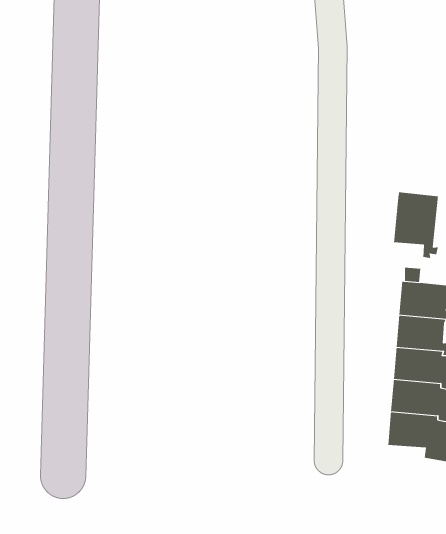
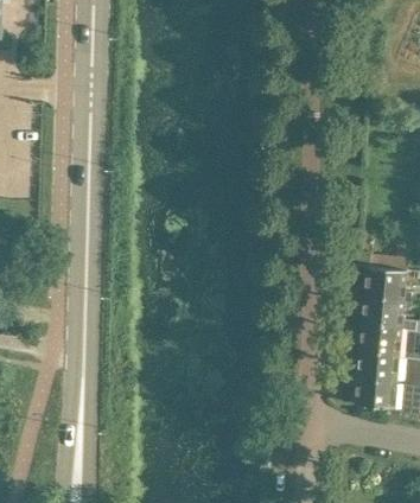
building: [394,192,438,259] -> none

